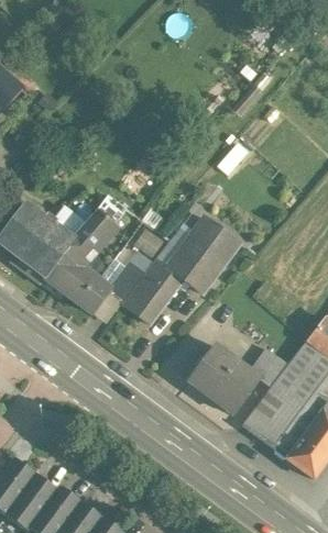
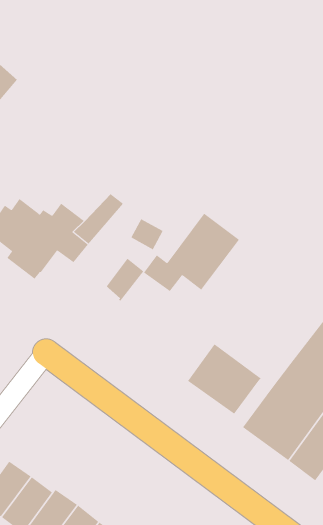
building: [45,254,111,312] -> none
building: [123,275,172,323] -> none
building: [251,348,288,387] -> none

